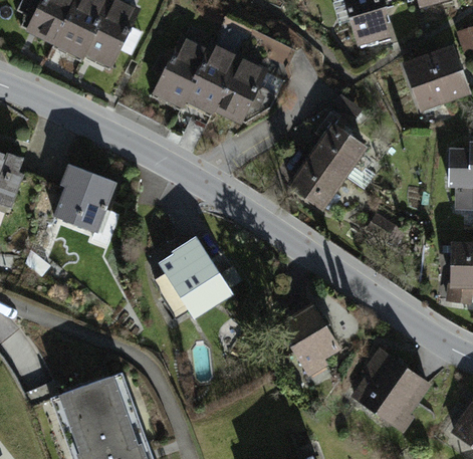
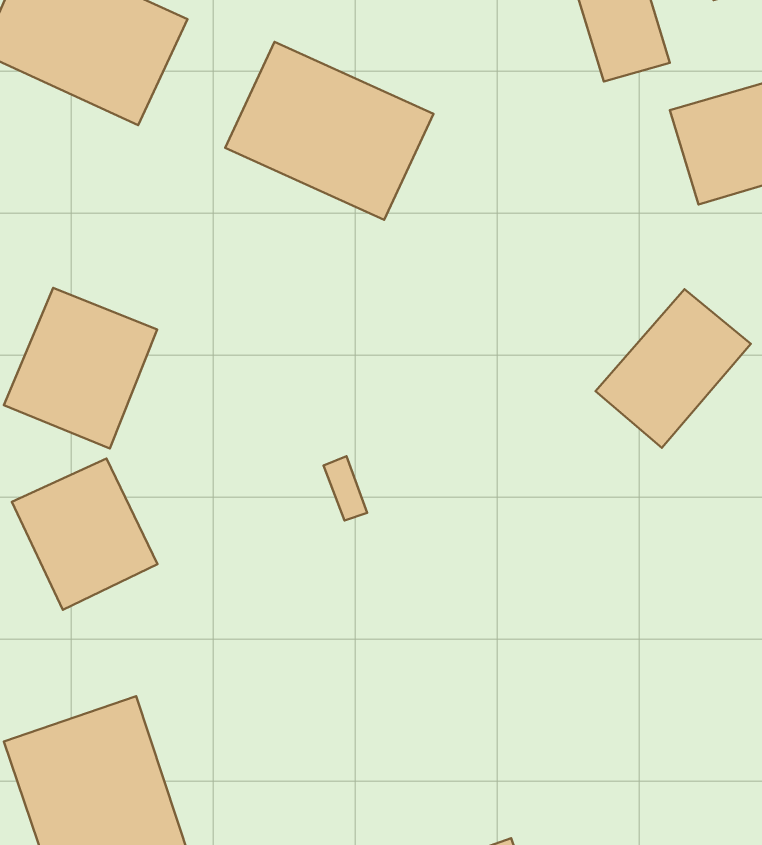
building: [288,125,371,209] -> [595,289,751,448]
building: [150,234,227,314] -> [12,458,158,610]
building: [277,309,342,378] -> none
building: [351,353,432,433] -> none

